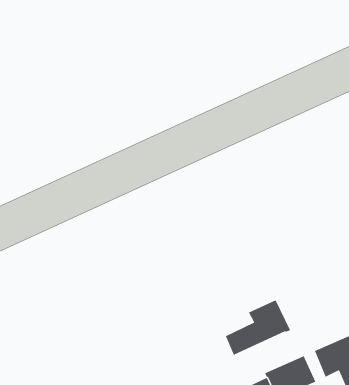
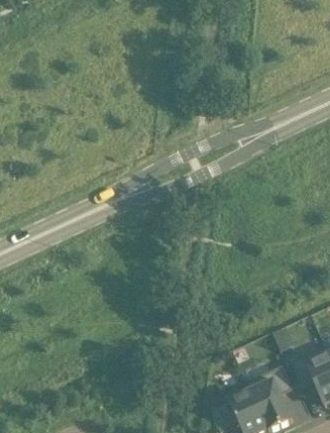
building: [225,300,291,356] -> none

